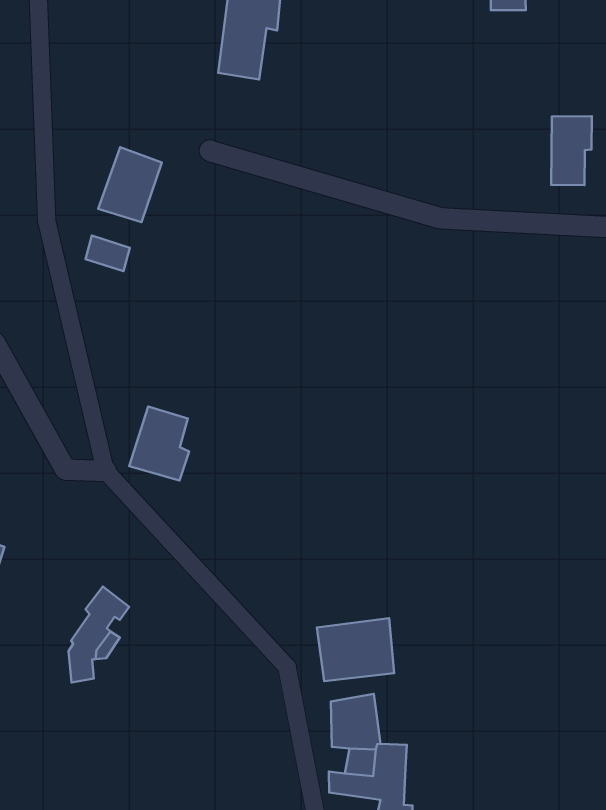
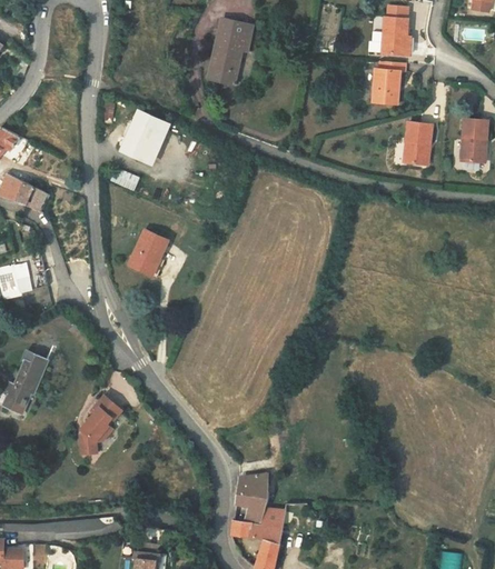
building: none -> [370,60,406,101]
building: [129,407,189,481] -> [121,226,161,274]
building: [317,618,394,681] -> none

